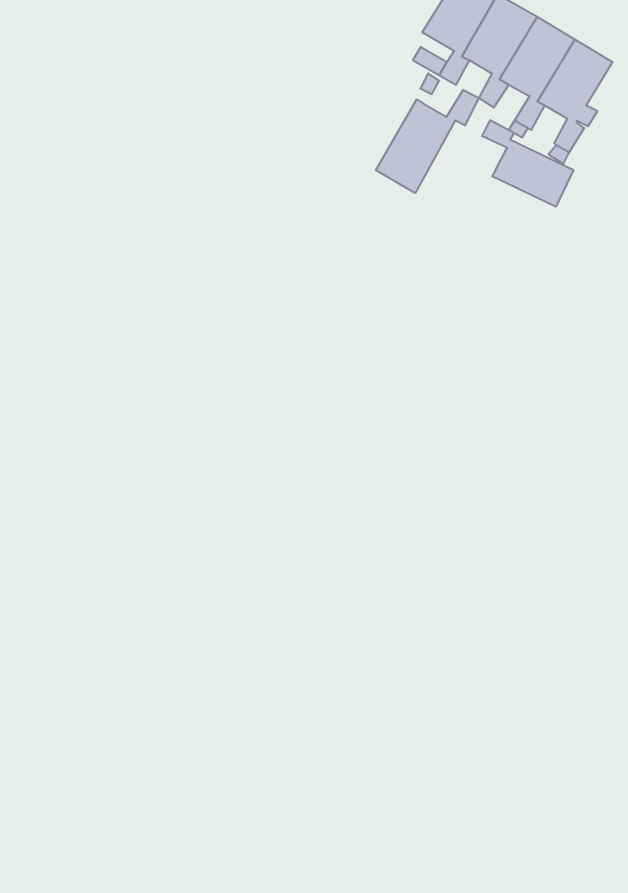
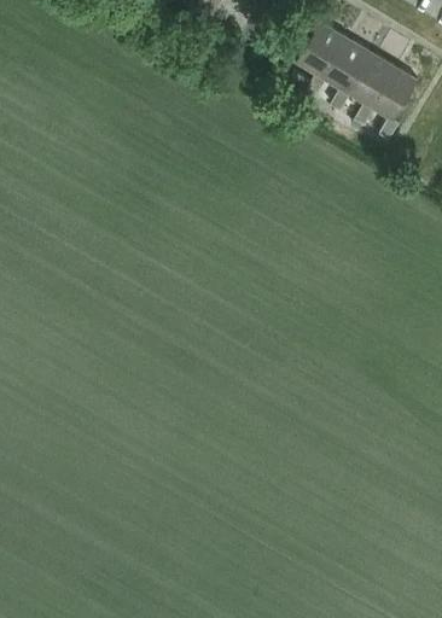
building: [376,90,479,193] -> none
building: [482,120,573,207] -> none

